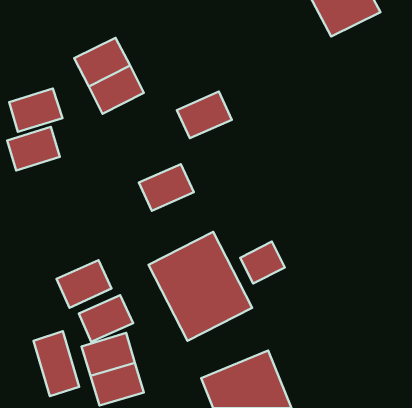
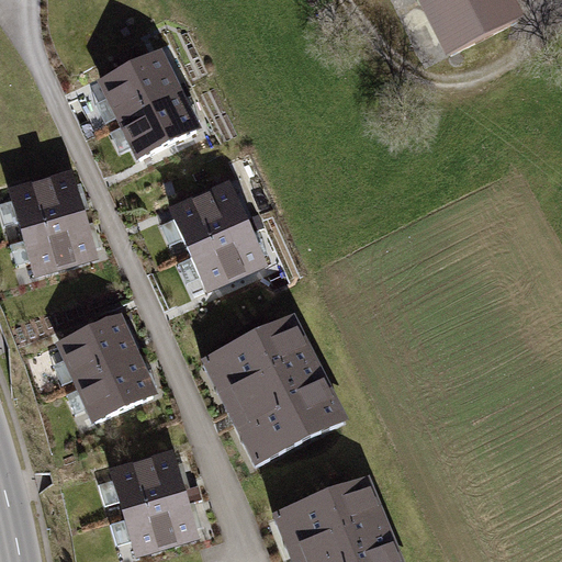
building: [9,88,62,132] -> [22,213,94,272]
building: [177,91,232,138] -> [171,184,246,248]
building: [240,242,285,284] -> none
building: [79,295,133,342] -> [60,315,134,379]
building: [33,331,79,396] -> none

